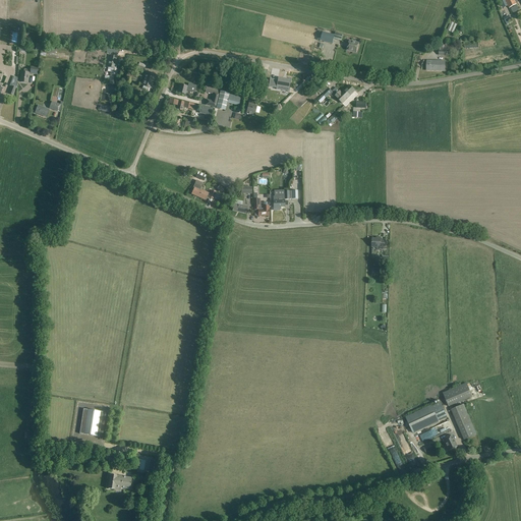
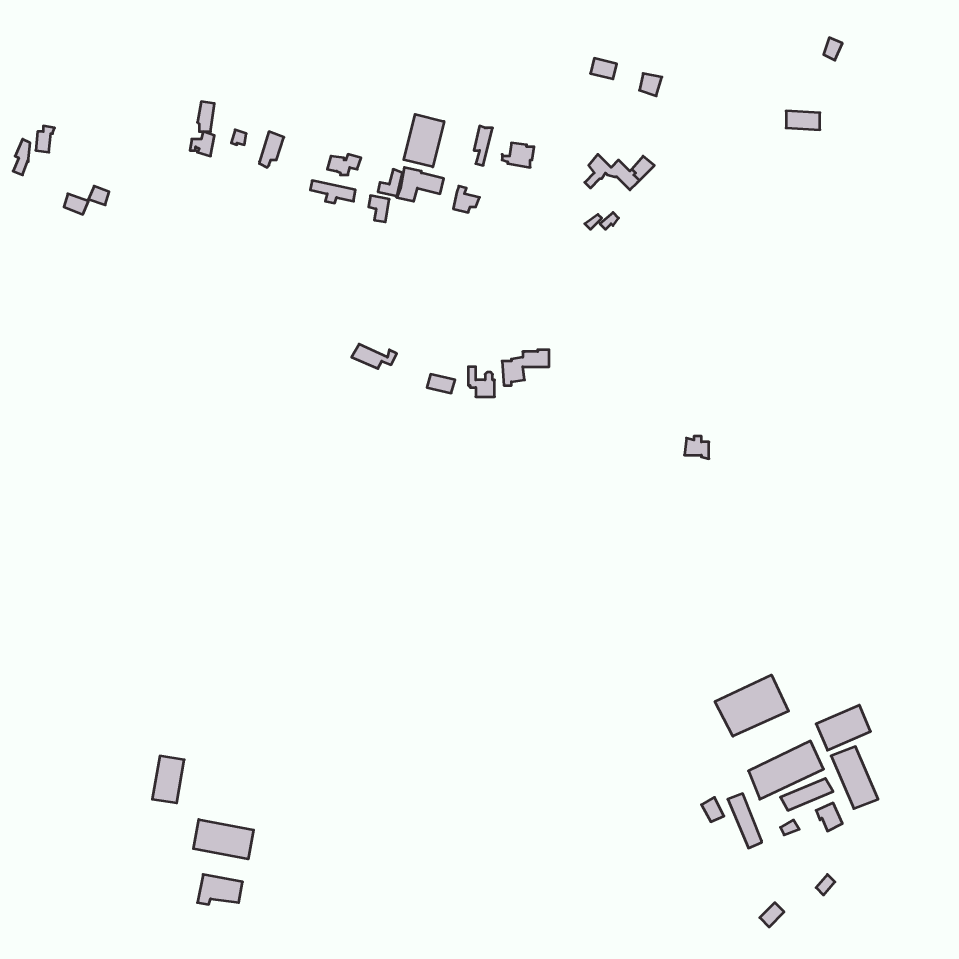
building: none -> [404,114,444,167]
building: none -> [715,675,789,736]
building: none -> [193,819,254,859]

